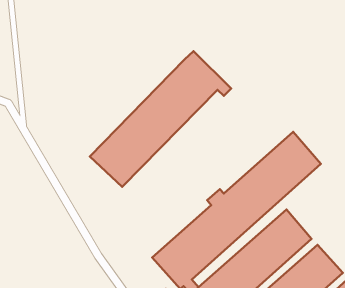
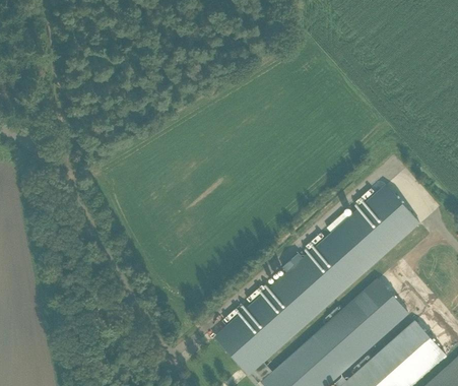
building: [90,51,231,187] -> none

